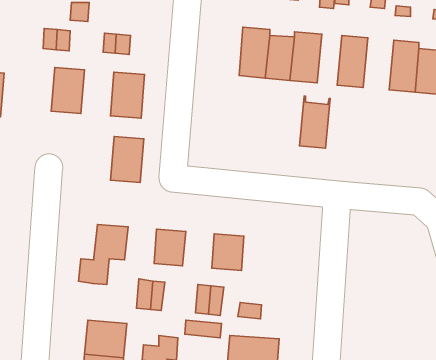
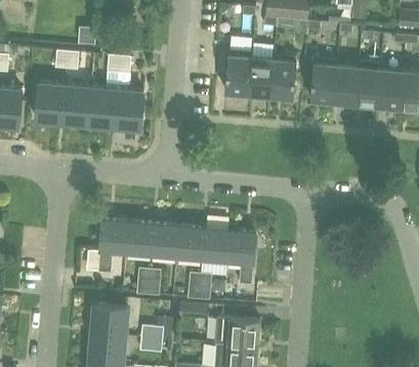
building: none -> [36,83,66,123]
building: [300,96,330,148] -> [333,59,360,105]
building: [111,136,144,183] -> [88,87,117,127]
building: none -> [126,223,154,255]
building: none -> [176,228,204,259]
building: none -> [227,232,256,285]

